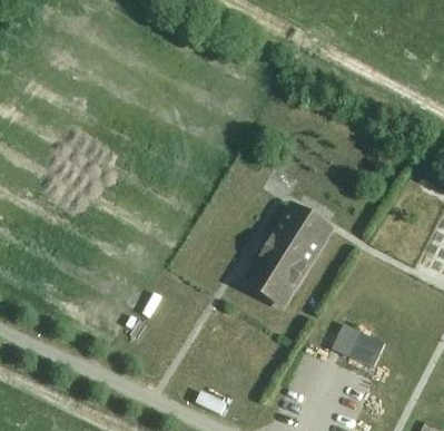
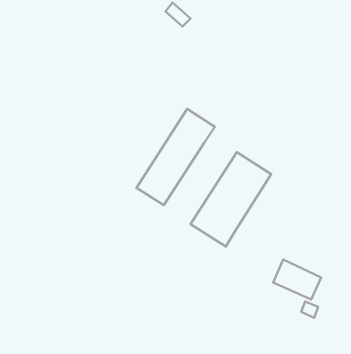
building: none -> [137,109,215,205]

